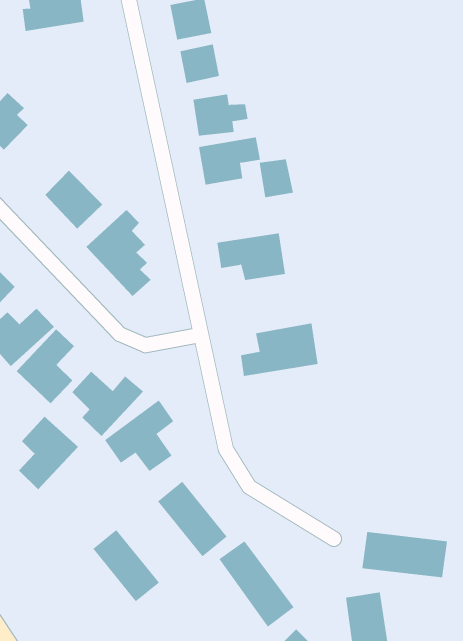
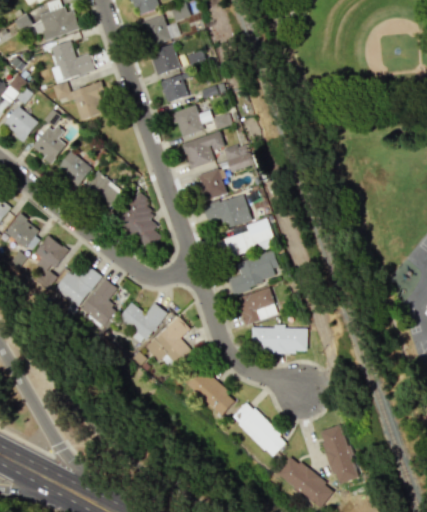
building: none -> [52,80,109,119]
building: none -> [57,150,92,184]
building: none -> [196,168,227,199]
building: none -> [216,218,274,257]
building: none -> [237,287,277,324]
building: [18,416,79,490] -> none
building: [92,529,160,602] -> none
building: [362,532,448,578] -> [252,326,307,352]

